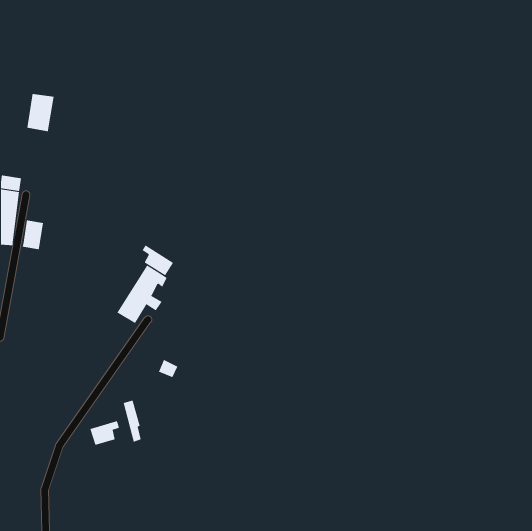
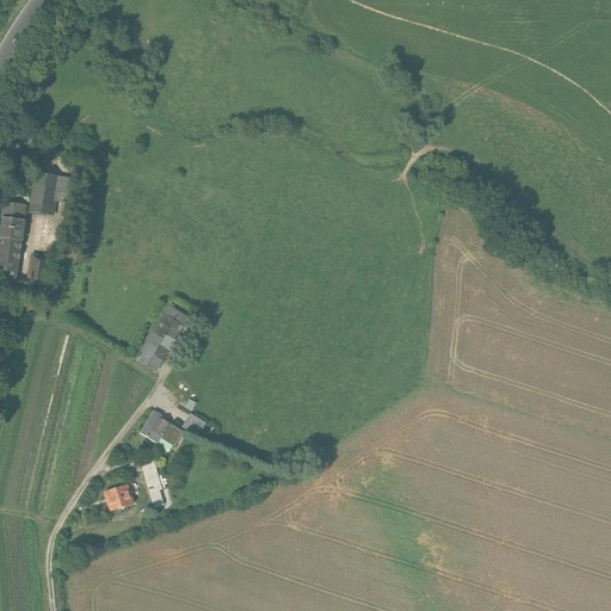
building: [27,93,55,132] -> [27,171,60,215]
building: [142,245,174,276] -> none
building: none -> [140,409,183,443]

